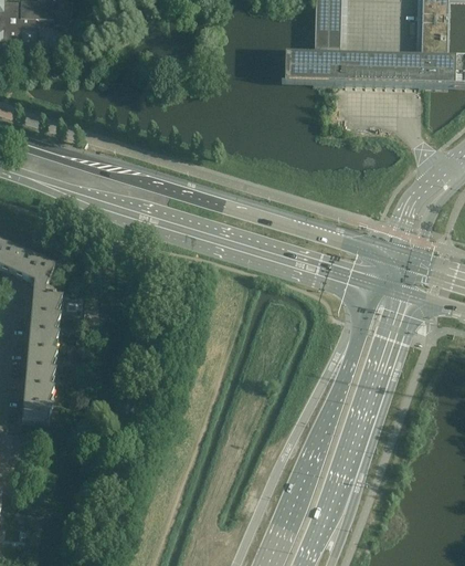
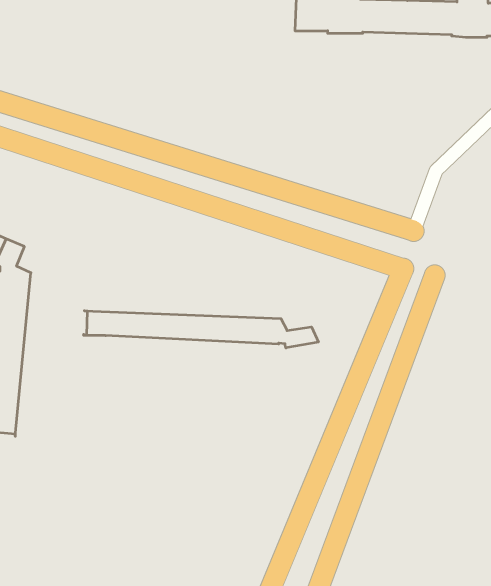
building: none -> [84,311,318,348]

